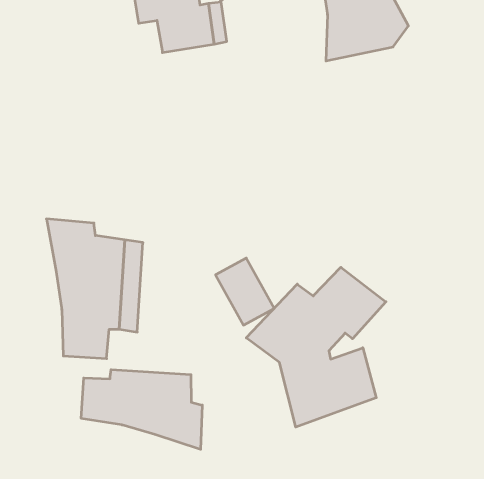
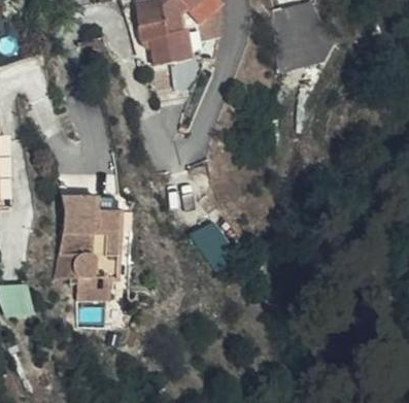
building: [246,267,386,427] -> none
building: [81,370,202,449] -> none

